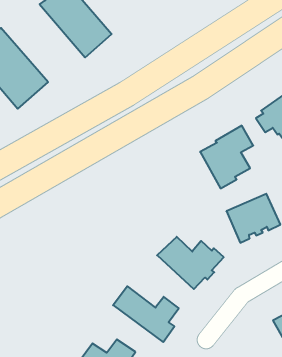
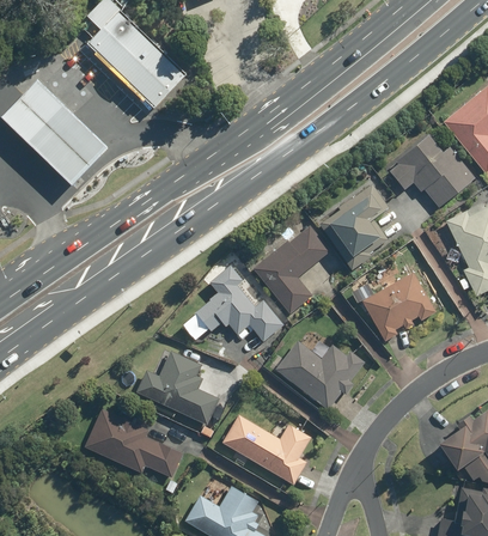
building: none -> [252,225,330,313]
building: none -> [195,264,283,341]
building: none -> [136,351,219,425]
building: none -> [84,408,183,477]

